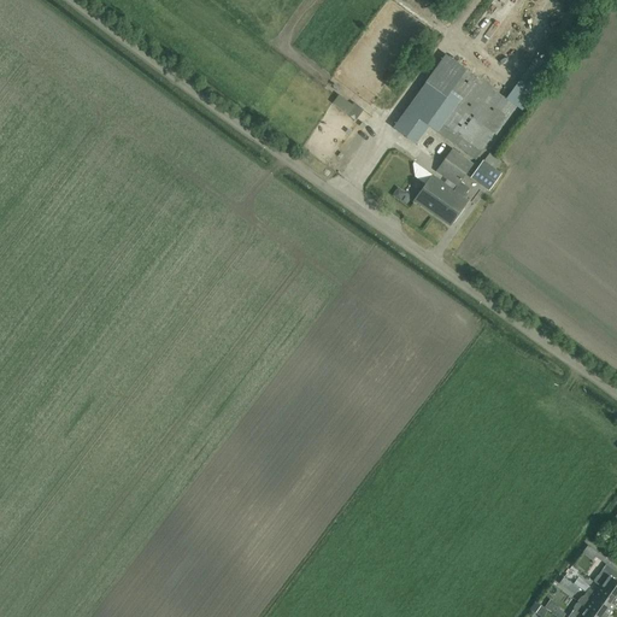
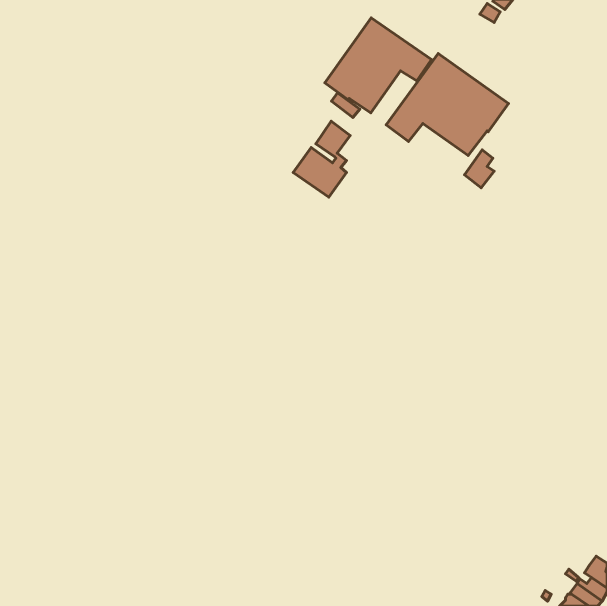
building: none -> [325,18,432,113]
building: [413,148,471,225] -> [293,121,350,197]

